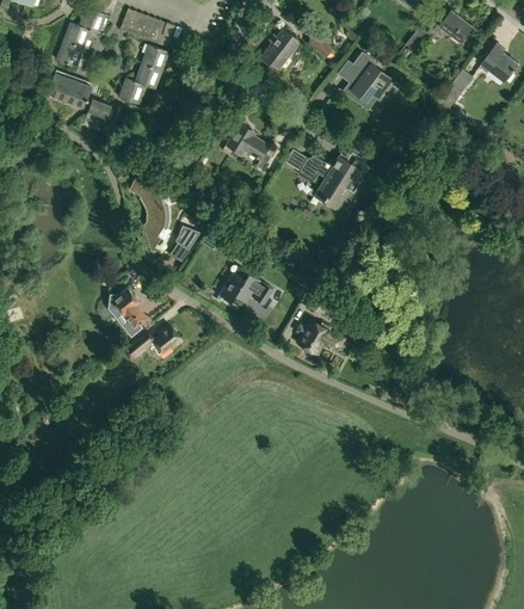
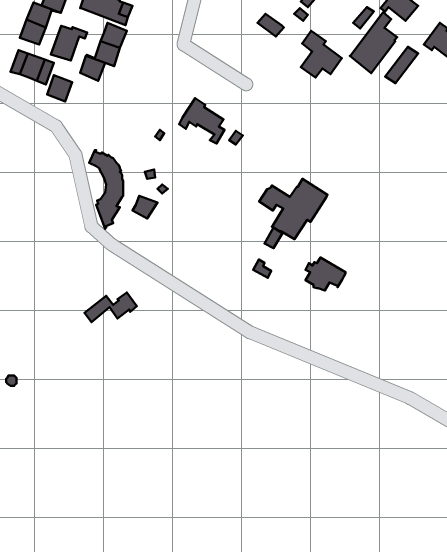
building: [261,29,300,70] -> none
building: none -> [350,12,397,73]
building: none -> [51,26,87,60]
building: [300,147,371,210] -> [259,179,328,239]
building: [218,272,273,304] -> none
building: [107,289,146,327] -> none
building: [296,319,338,353] -> [306,257,345,290]

